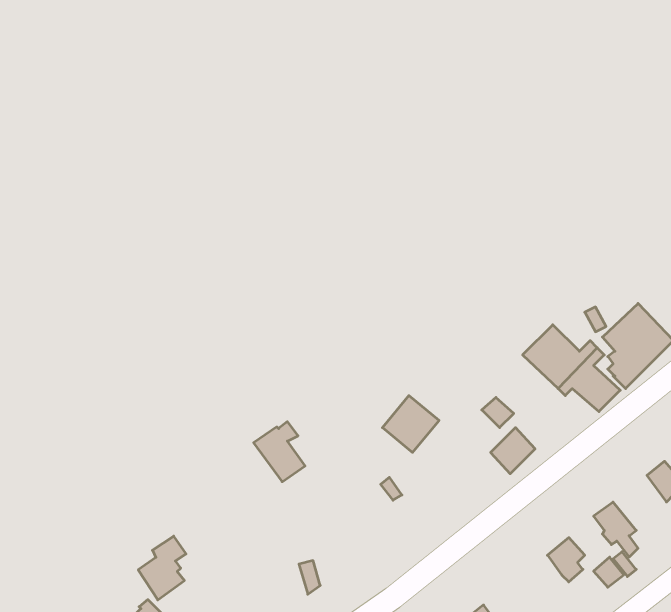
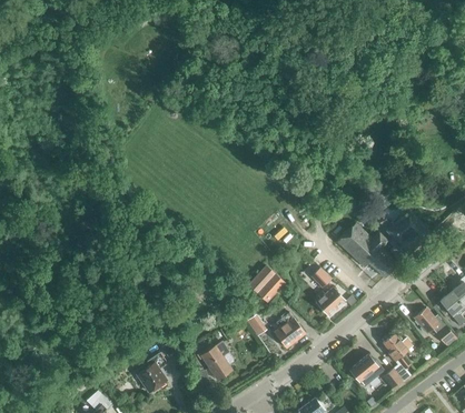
building: [254,422,305,482] -> [199,341,231,379]
building: none -> [274,312,306,347]
building: [138,536,186,600] -> [138,352,168,392]

